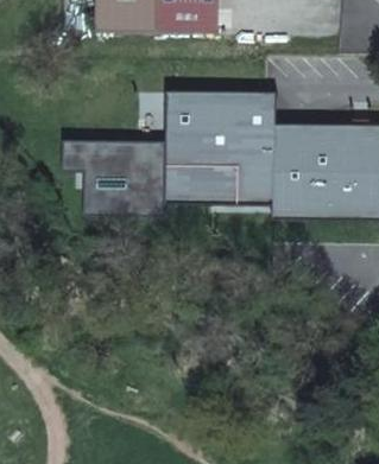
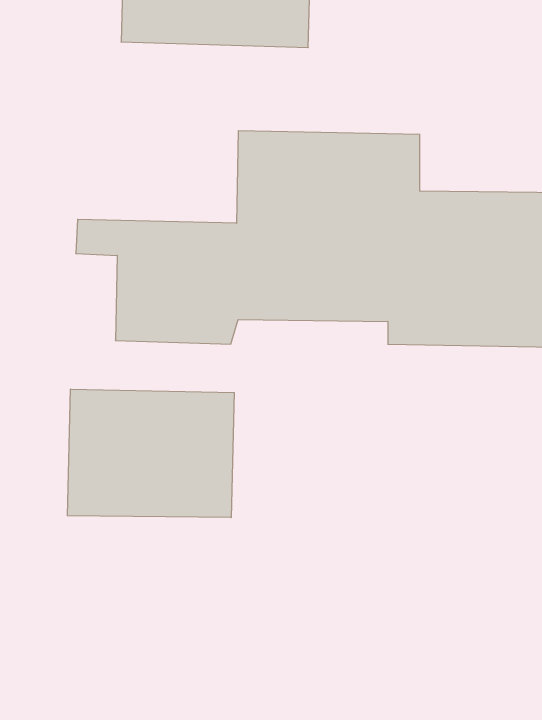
building: none -> [67,389,234,518]

